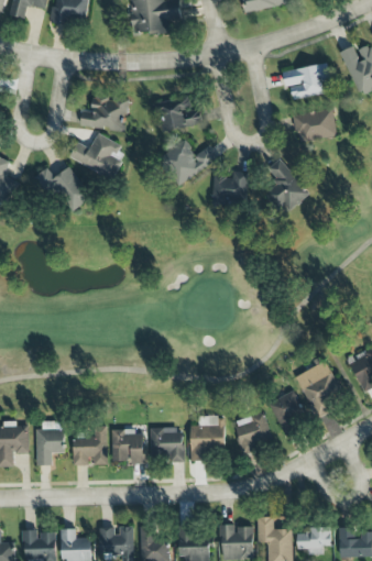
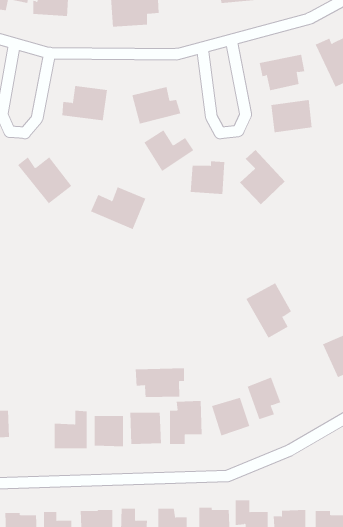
building: [68,133,125,177] -> [90,187,146,230]
building: [294,360,341,417] -> [245,282,292,339]
building: none -> [135,367,185,398]
building: [36,420,65,464] -> none

